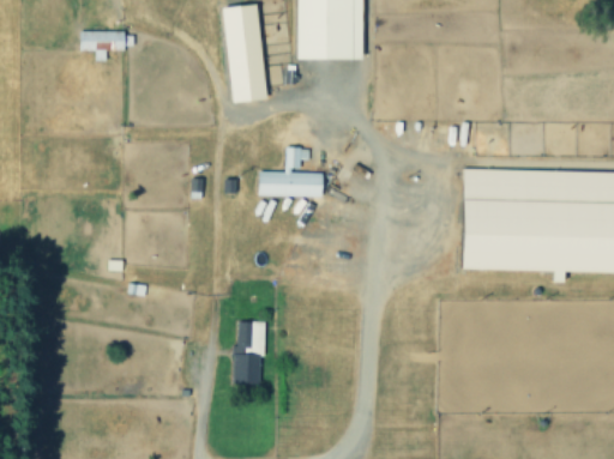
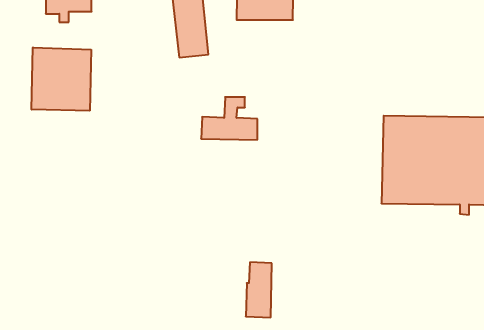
building: none -> [32,47,91,111]
building: [233,321,263,385] -> [246,262,272,317]

